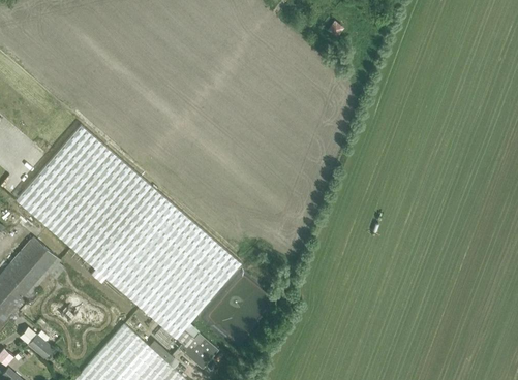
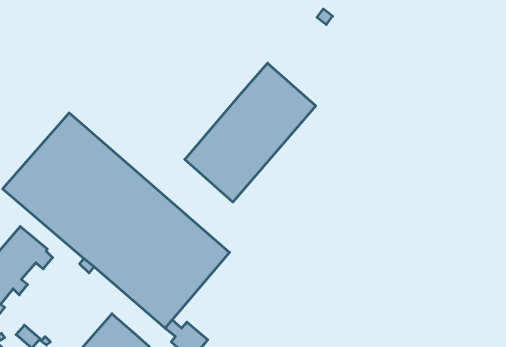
building: none -> [185,63,316,202]

